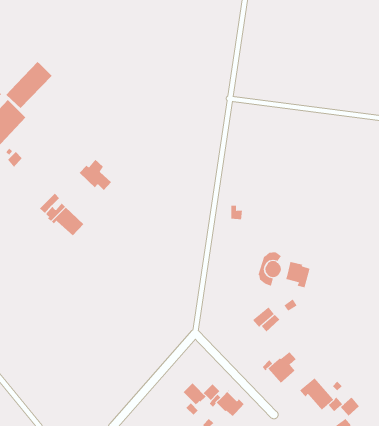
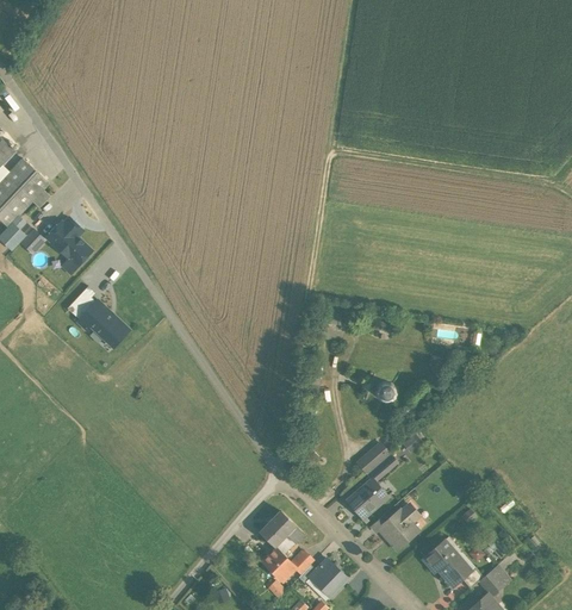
building: [6,61,53,109] -> none
building: [79,159,112,191] -> [45,218,91,262]
building: [285,261,311,288] -> none
building: none -> [352,479,386,518]
building: none -> [260,510,305,555]

